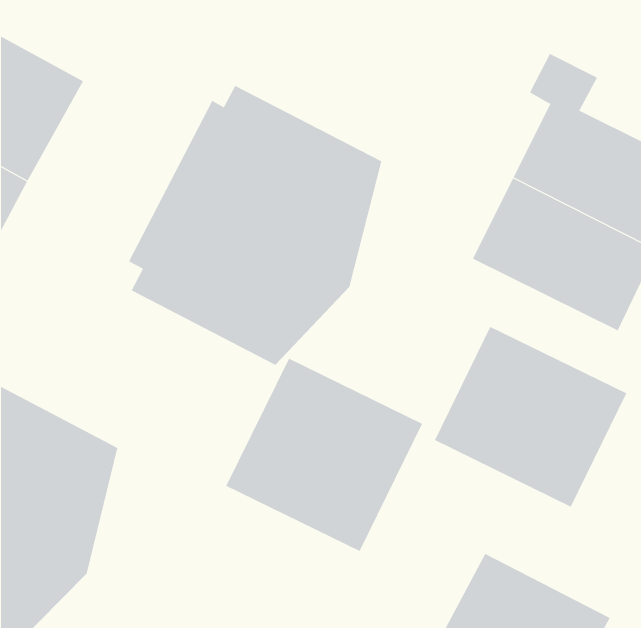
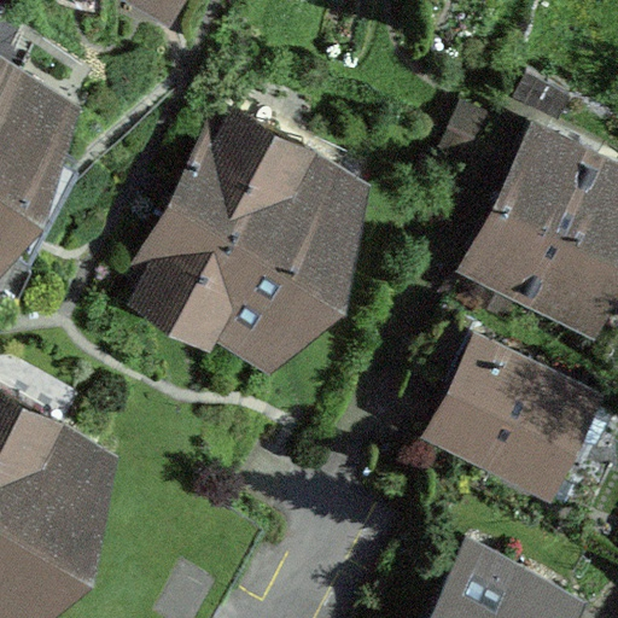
building: [226,358,423,552] -> none

